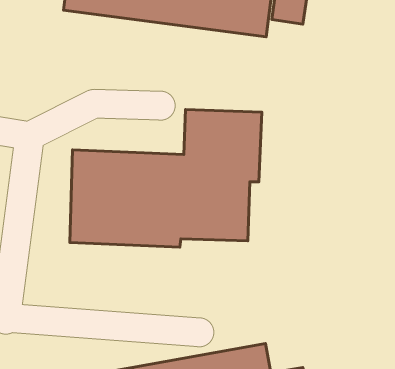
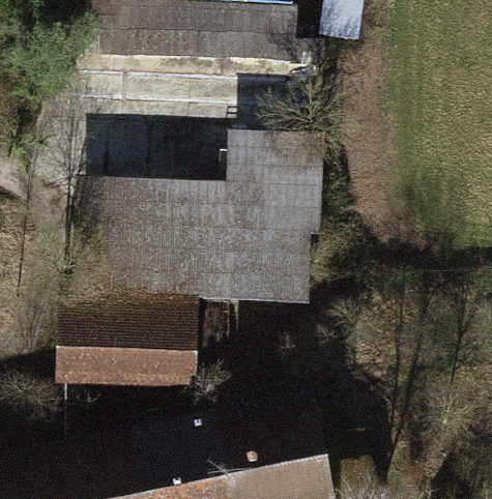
building: none -> [57,311,218,373]

